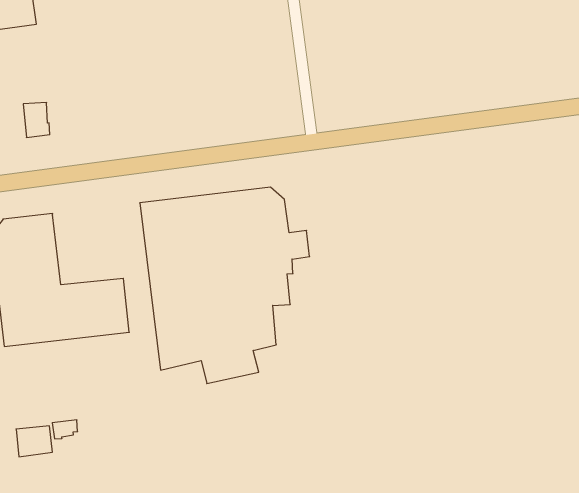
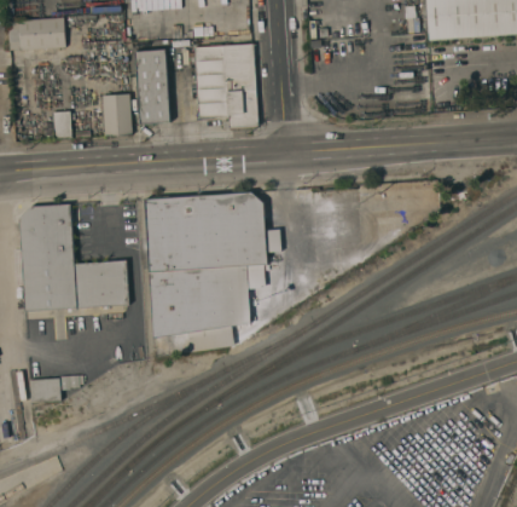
building: none -> [196,45,258,128]
building: none -> [128,48,170,125]
building: none -> [103,93,133,136]

